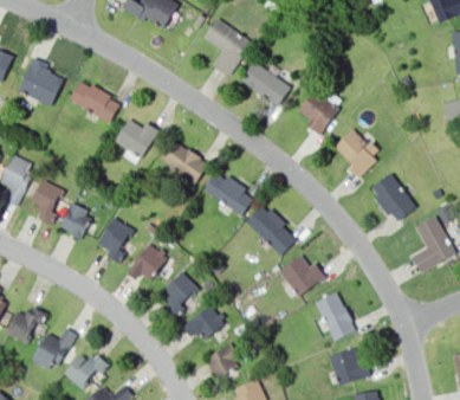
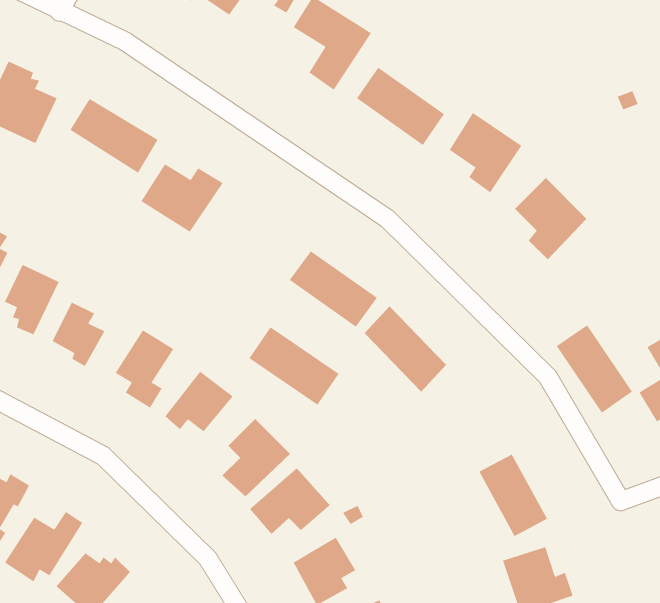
building: [157,137,212,185] -> [249,326,339,405]
building: [370,172,416,225] -> [556,325,633,413]
building: [276,251,328,299] -> none

